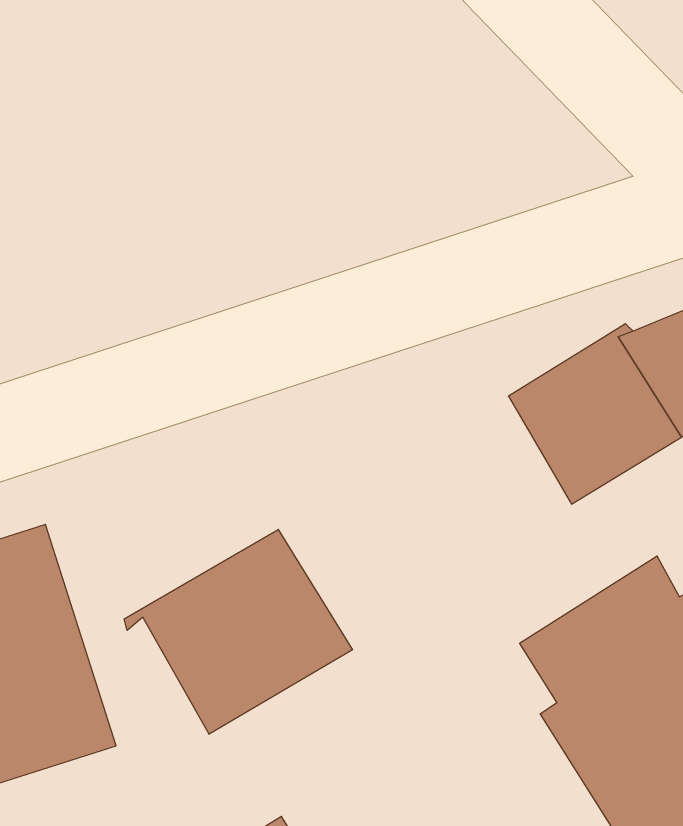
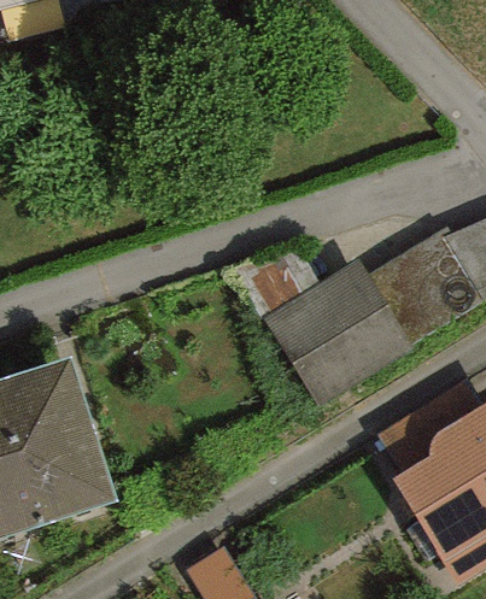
building: none -> [265,257,414,406]
building: [124,529,352,734] -> none

